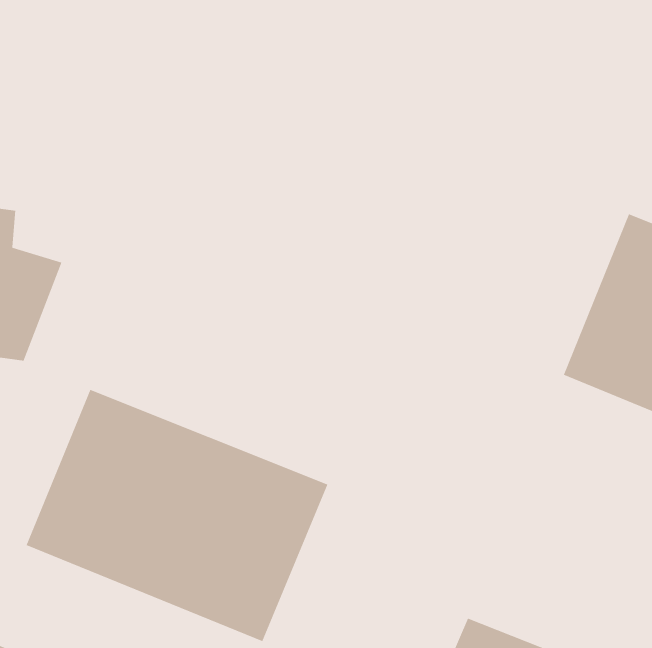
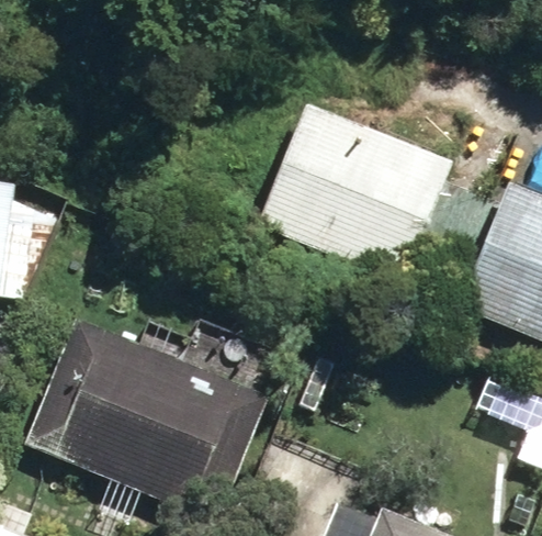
building: none -> [256,100,456,283]

